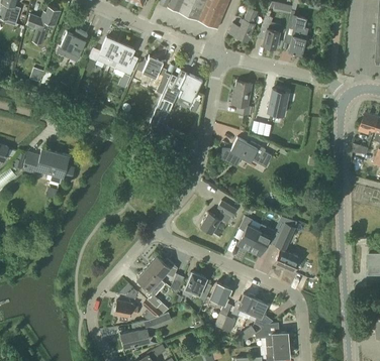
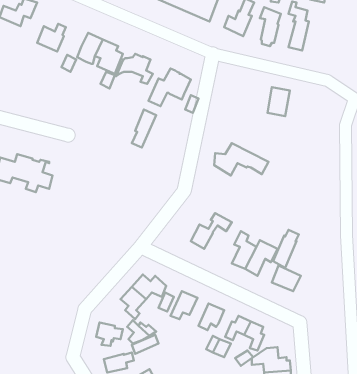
building: [232,82,255,115] -> none

